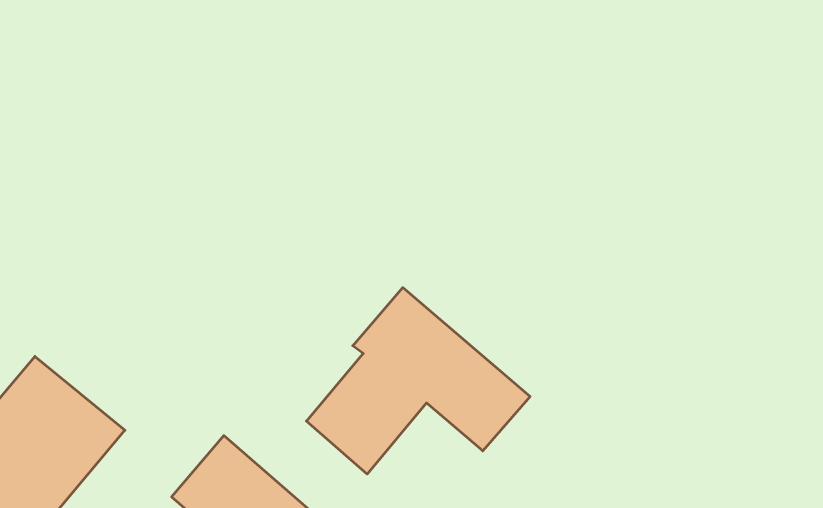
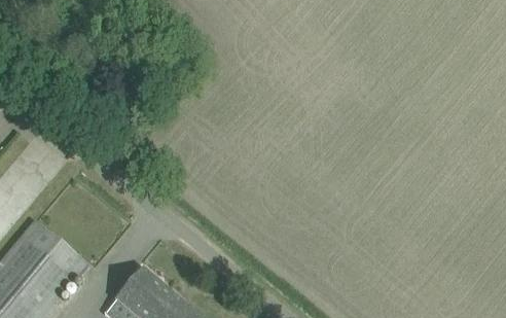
building: [306,288,530,474] -> none

